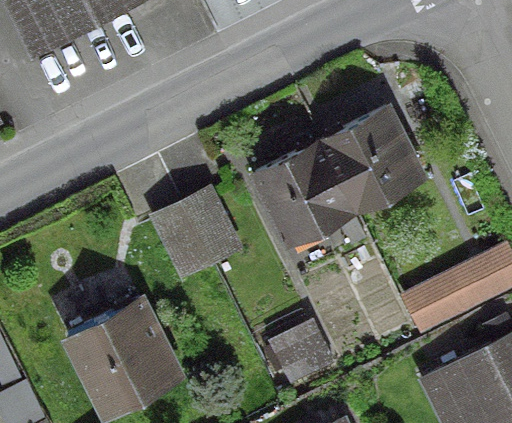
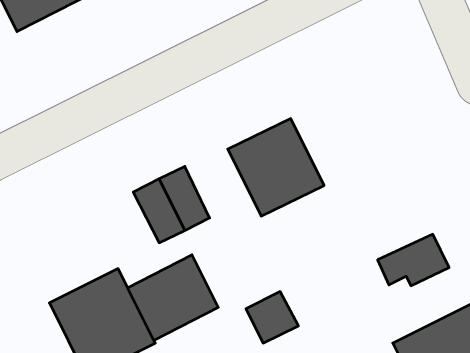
building: [320,108,420,212] -> none
building: none -> [128,255,218,340]

